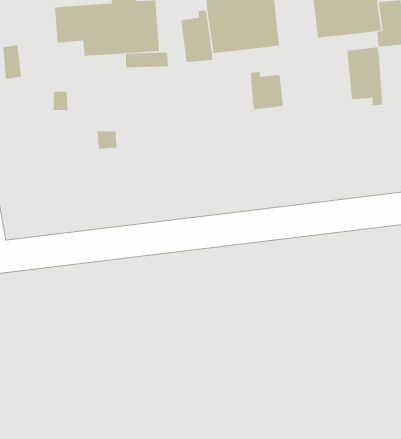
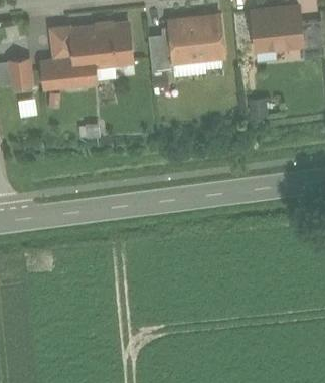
building: none -> [40,54,94,84]
building: [347,47,383,106] -> none
building: [250,71,284,110] -> none

